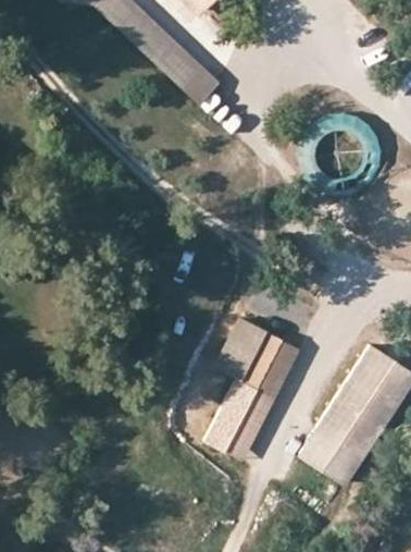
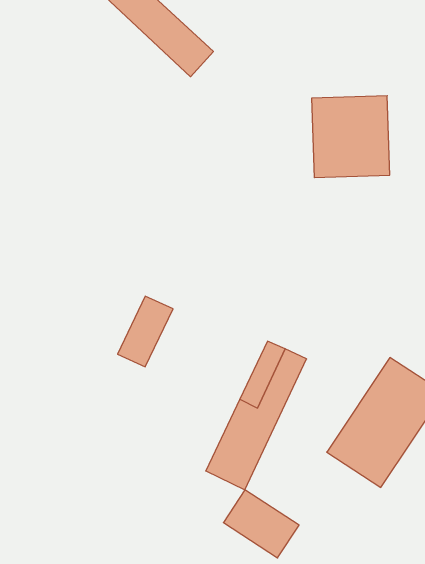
building: [216,320,264,381] -> [118,296,173,367]
building: [297,427,362,486] -> [223,490,299,558]

